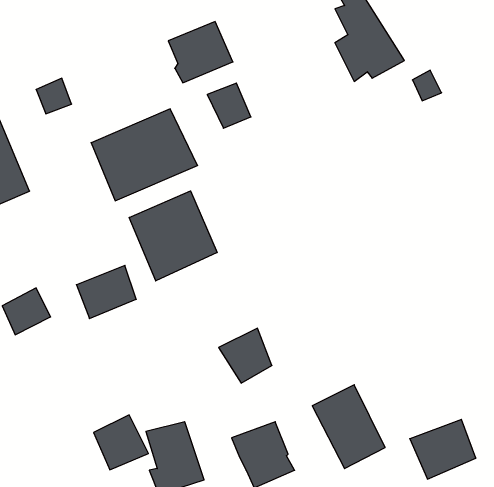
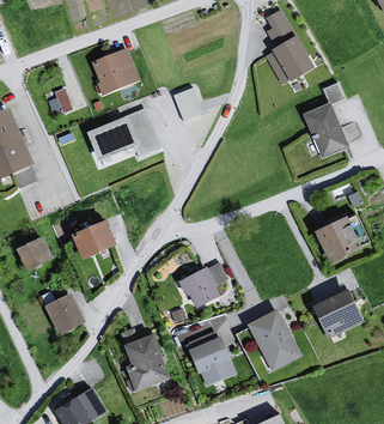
building: [168,22,233,83] -> [92,48,140,93]
building: none -> [301,103,347,157]
building: [129,191,217,281] -> none
building: none -> [316,216,361,265]
building: [94,415,148,470] -> [44,292,85,333]
building: [410,419,476,479] -> [315,291,364,335]

